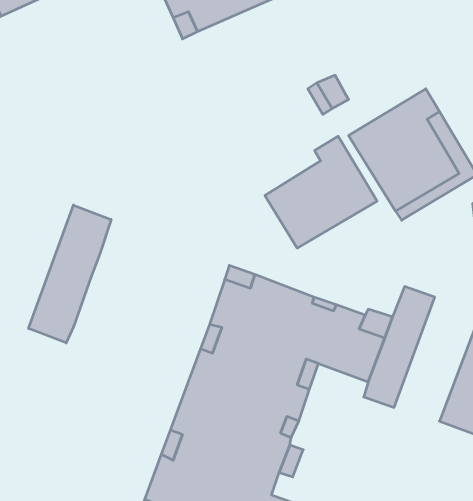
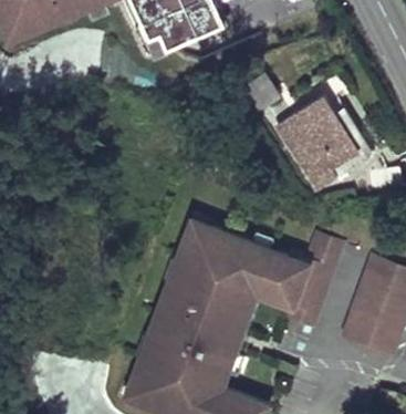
building: [265,136,377,248] -> none
building: [29,205,111,343] -> none

